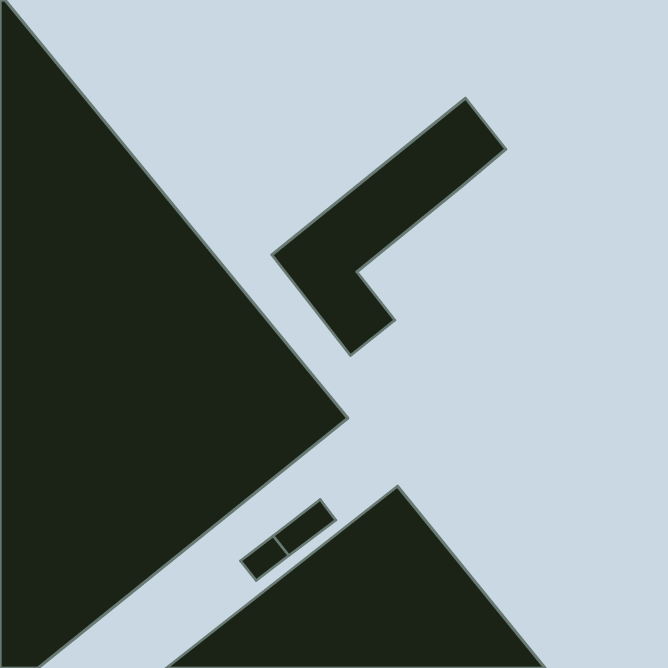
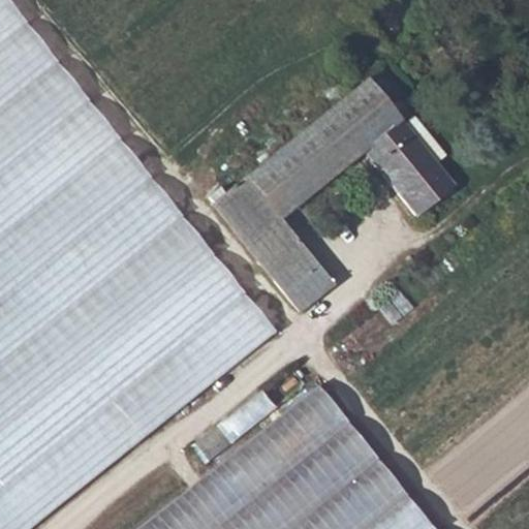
building: none -> [366,118,458,215]
building: none -> [277,253,337,311]

